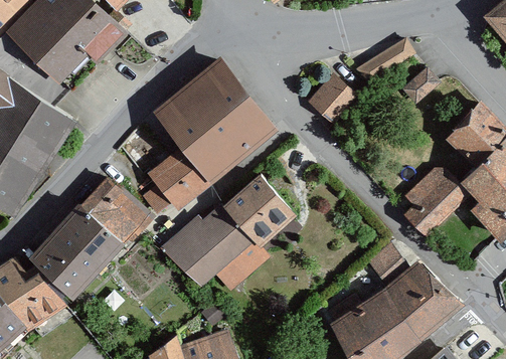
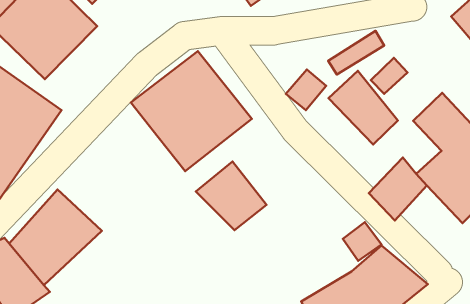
building: none -> [328,71,398,145]
building: [147,149,208,209] -> none
building: [79,178,148,246] -> none
building: [164,205,260,287] -> none

